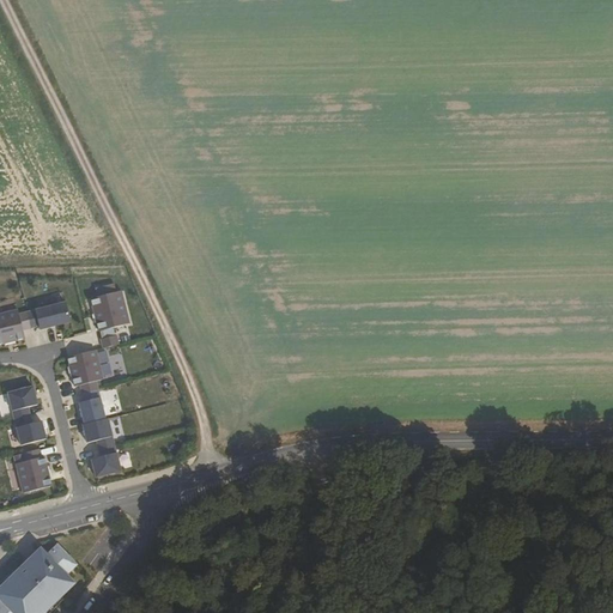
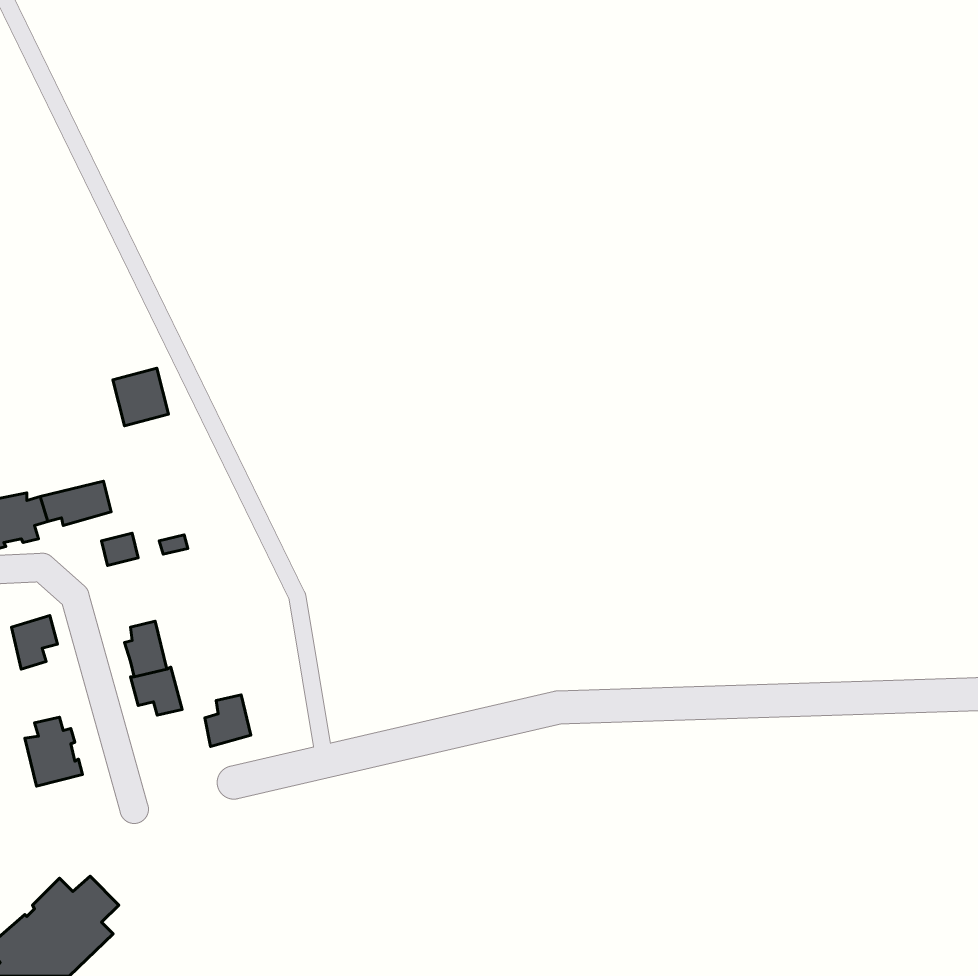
building: [91,293,126,329] -> [113,368,168,426]
building: [67,348,103,392] -> none
building: [13,413,44,443] -> none
building: [91,443,120,475] -> [205,695,251,747]

